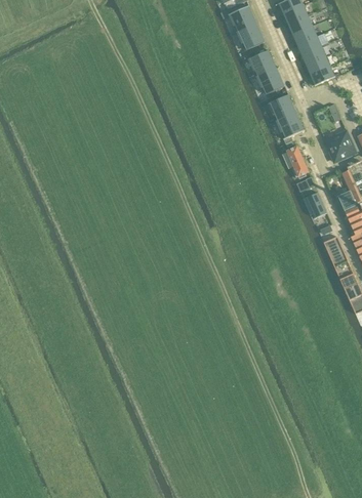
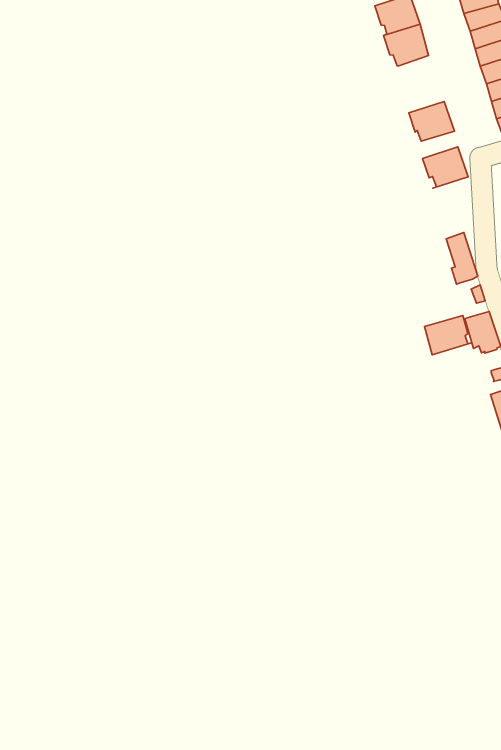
building: [247,49,276,77] -> none
building: [275,112,304,139] -> none
building: none -> [425,316,472,355]

